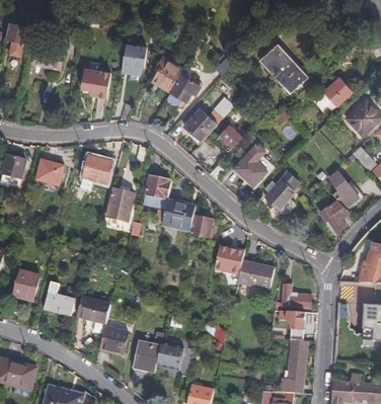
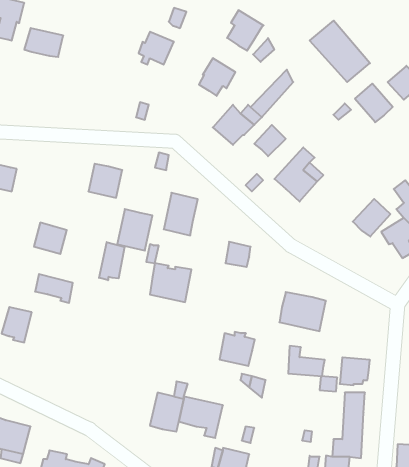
building: [155,57,184,89] -> [227,10,264,51]
building: [84,67,116,98] -> none
building: none -> [355,84,393,122]
building: [36,159,63,184] -> [34,223,67,254]
building: [264,178,295,209] -> [353,199,390,237]
building: [163,201,197,233] -> [150,263,191,302]
building: none -> [99,242,125,280]
building: [216,243,244,270] -> [220,332,255,366]
building: [282,282,311,307] -> [288,346,325,376]
building: [44,293,74,316] -> [35,274,73,303]
building: [76,297,109,322] -> none
building: [100,327,128,353] -> none

